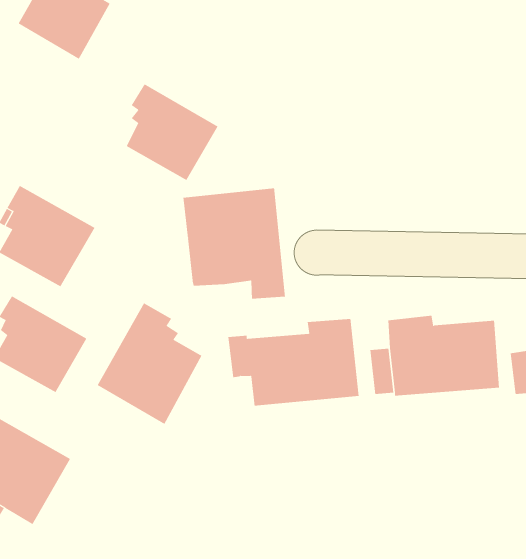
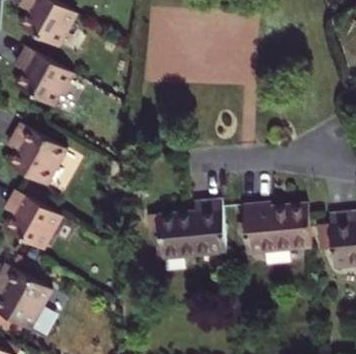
building: [126,84,218,181] -> [17,47,73,106]
building: [183,188,285,300] -> none
building: [97,303,202,425] -> none

